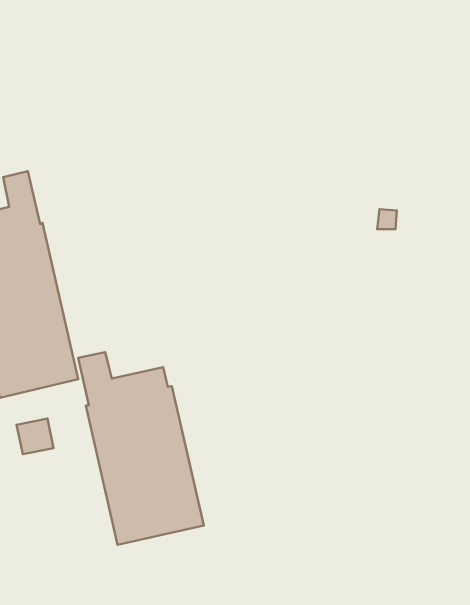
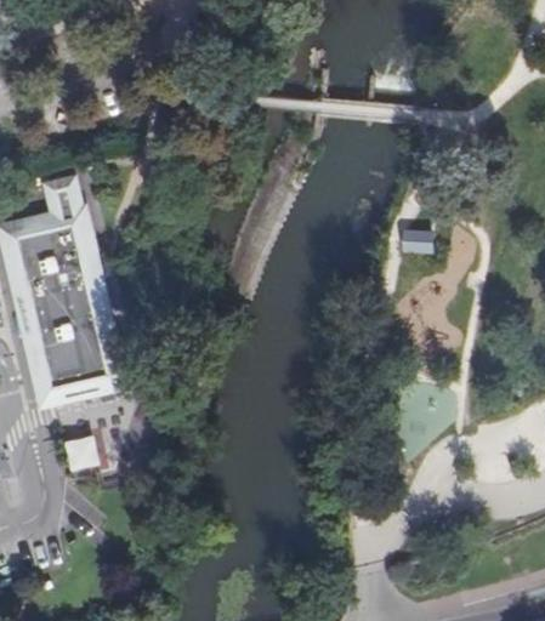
building: [78,352,204,545] -> none

